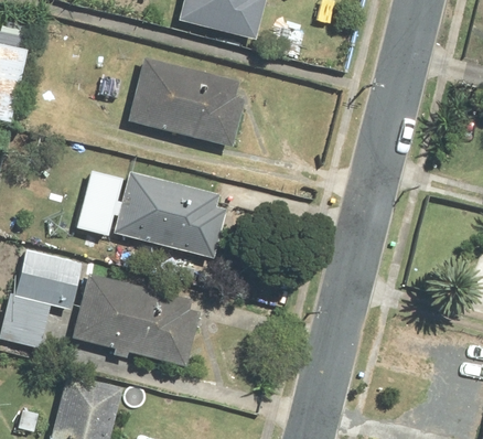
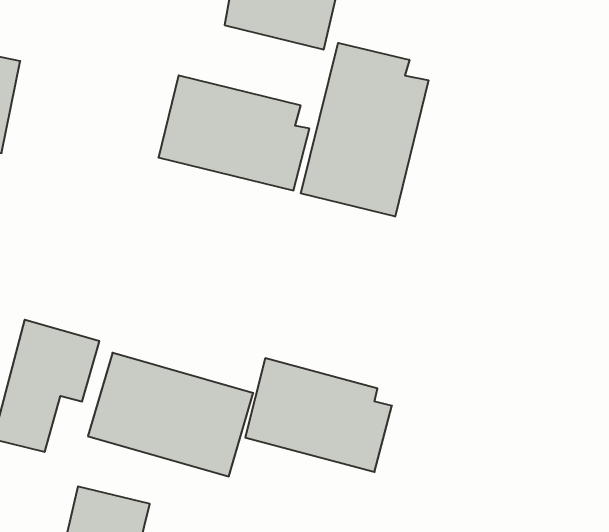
building: none -> [301,43,428,217]
building: [75,170,122,237] -> none
building: [114,172,226,259] -> [245,358,392,472]

